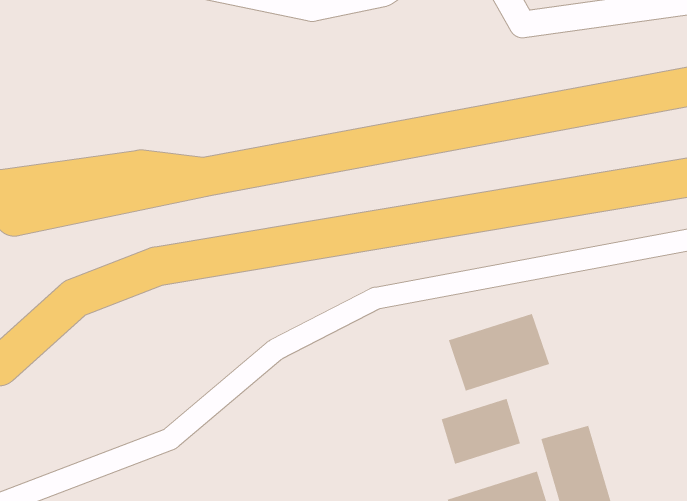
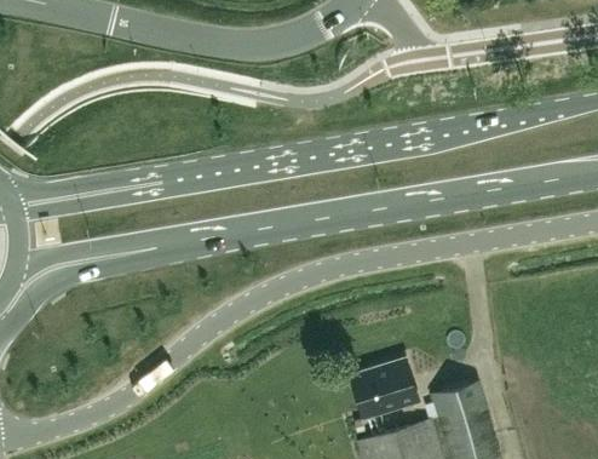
building: [448,313,550,391] -> none

